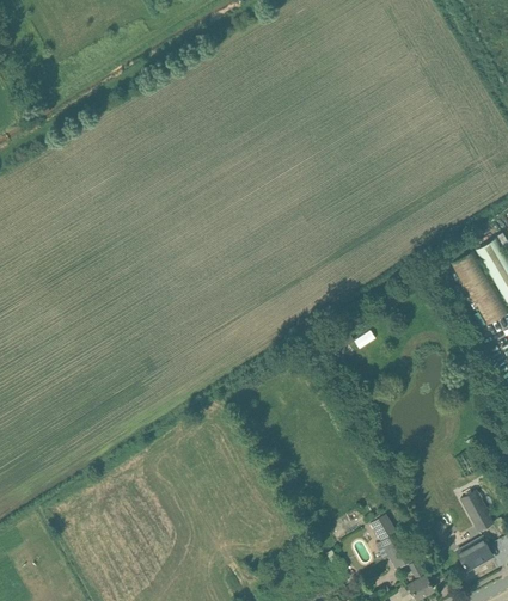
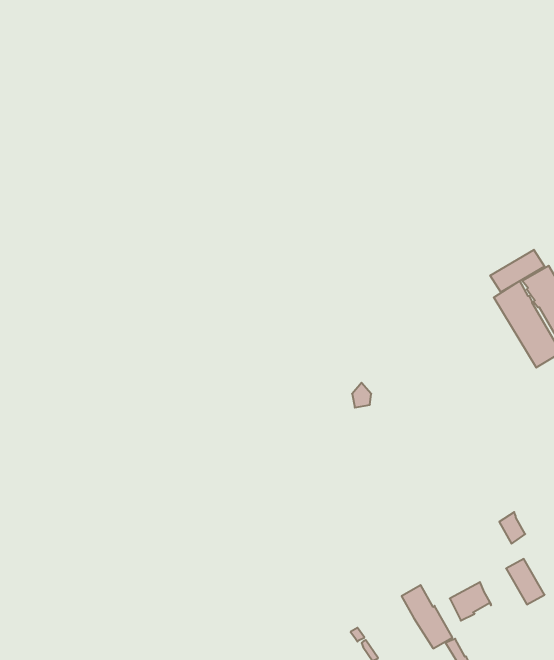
building: none -> [490,250,544,292]
building: [457,538,492,571] -> [450,582,491,621]

